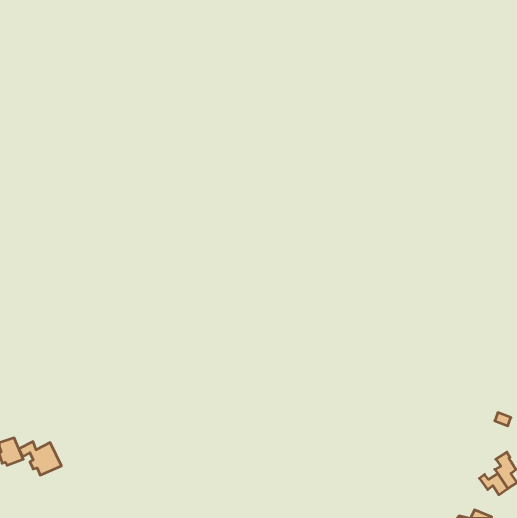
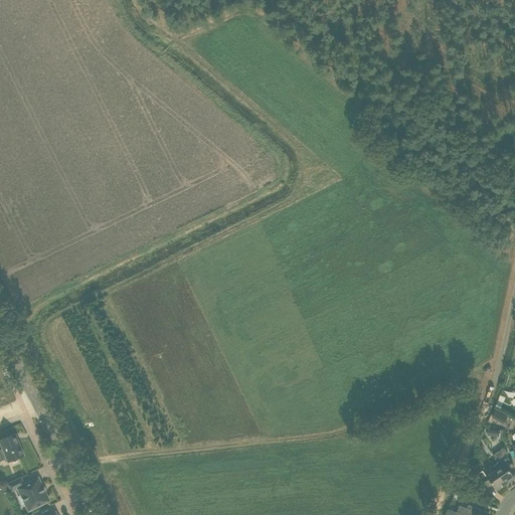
building: [19,442,61,475] -> [6,477,48,510]

